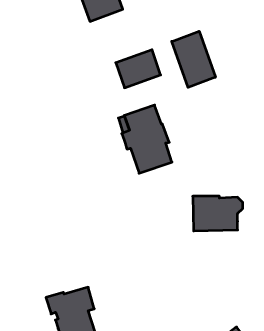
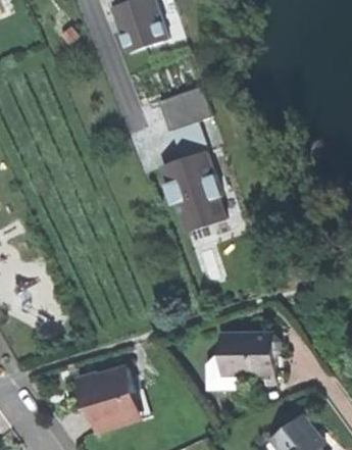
building: [172,31,215,87] -> none
building: [193,196,243,231] -> [220,333,280,373]

